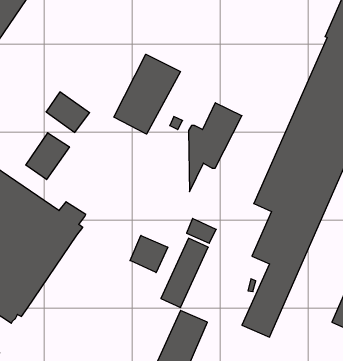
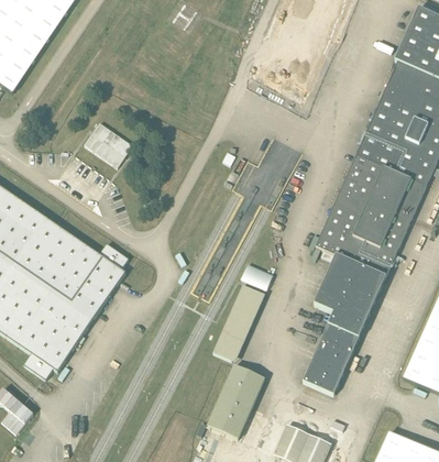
building: [114,54,180,134] -> none
building: [26,133,69,180] -> none
building: [130,235,168,273] -> none

